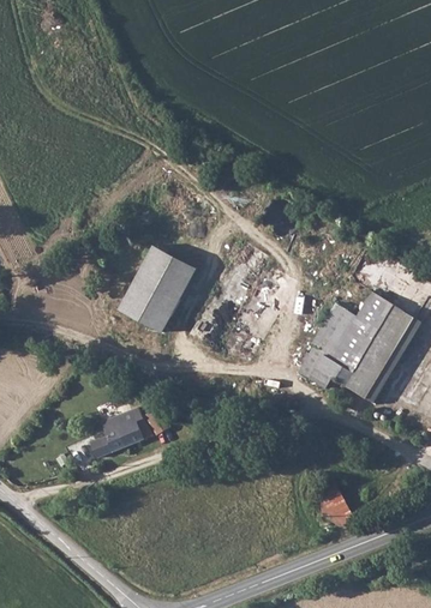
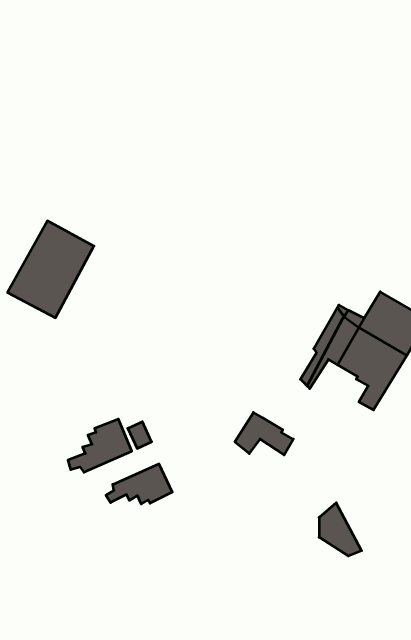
building: [119,248,197,336] -> [8,221,94,318]
building: [309,353,361,391] -> [235,412,293,455]
building: none -> [106,464,172,504]

